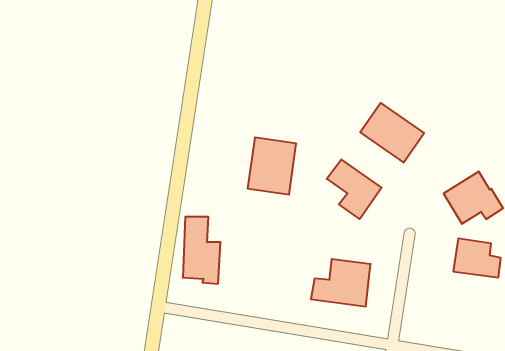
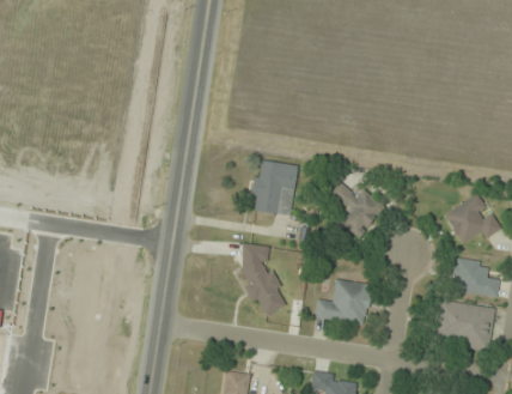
building: [360,103,424,163] -> none
building: [183,217,221,284] -> [243,244,280,310]
building: none -> [438,301,495,351]

